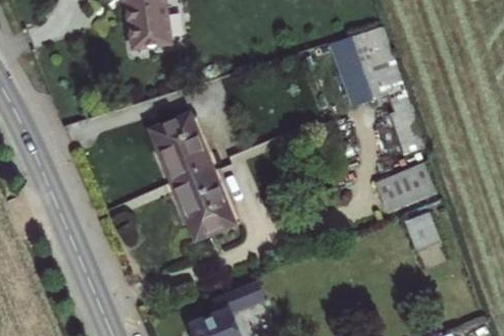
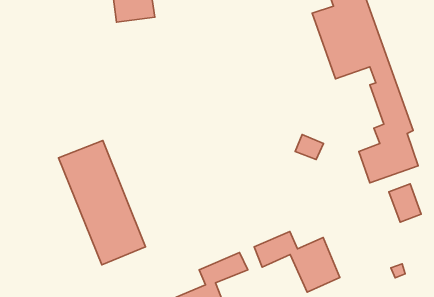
building: [149,115,237,240] -> [59,141,145,265]
building: none -> [254,231,340,292]

